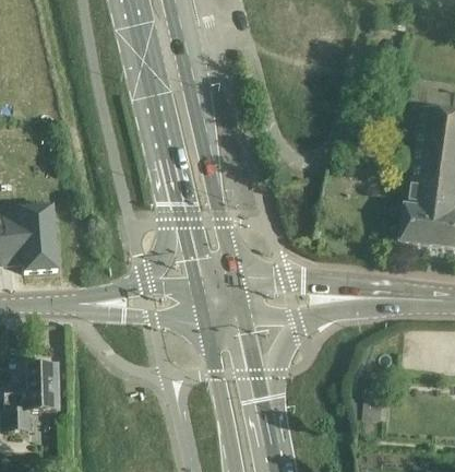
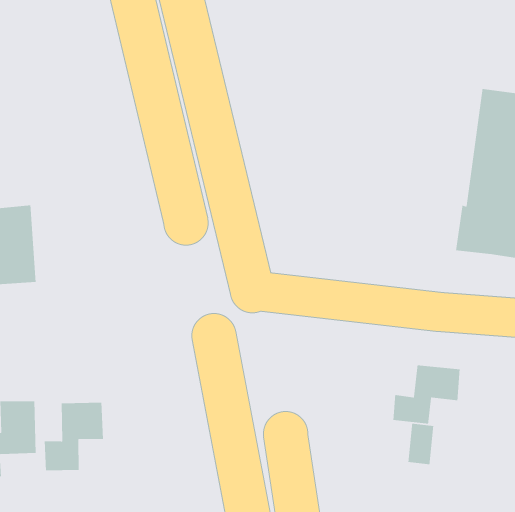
building: none -> [392,365,461,424]
building: none -> [44,402,104,471]

